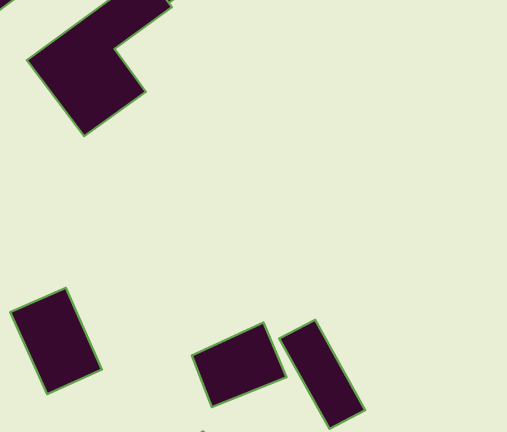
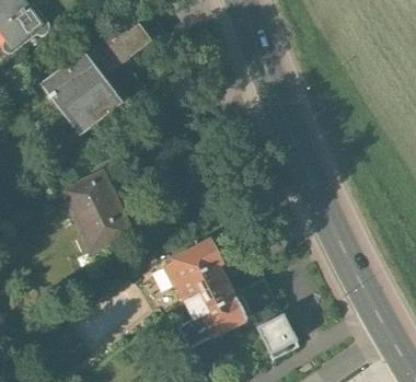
building: none -> [150,242,222,306]
building: [10,288,102,394] -> [62,171,132,252]

